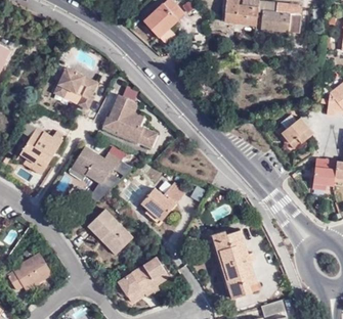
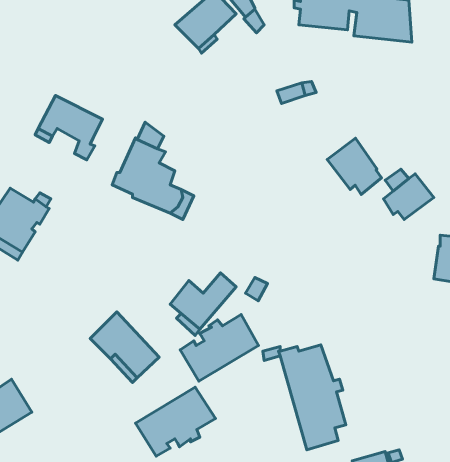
building: none -> [327,138,382,194]
building: [73,147,121,183] -> none
building: none -> [180,314,258,381]

